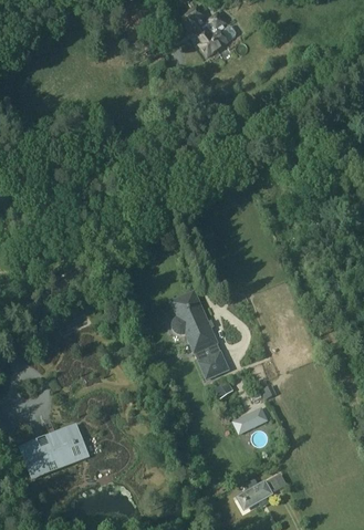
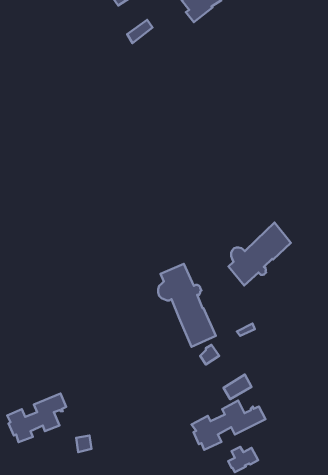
building: none -> [228,223,291,285]
building: none -> [192,401,265,450]

